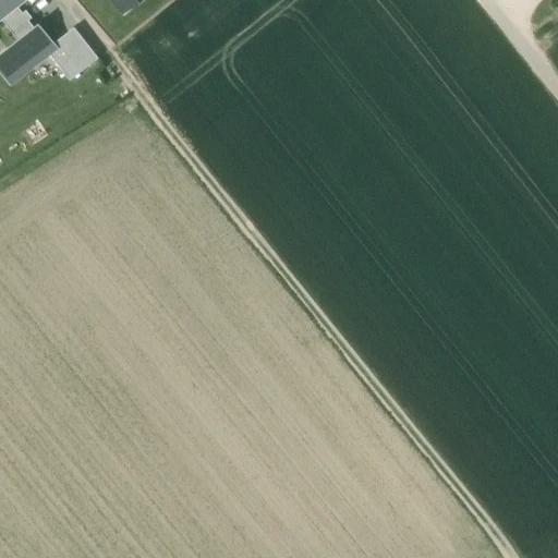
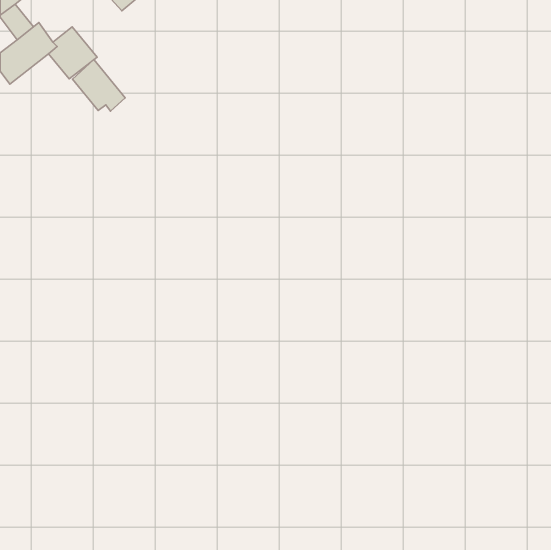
building: none -> [73,60,125,111]

